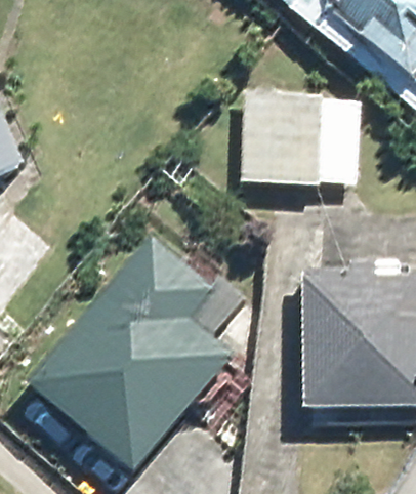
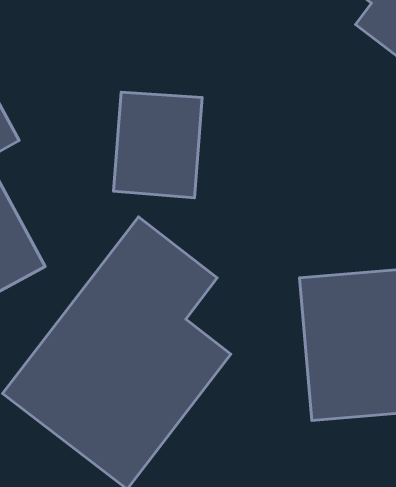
building: [243,86,324,182] -> [113,92,202,198]

